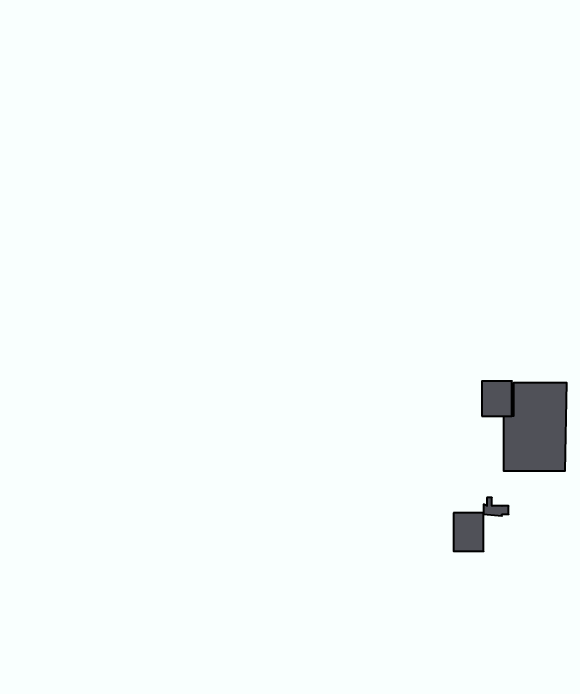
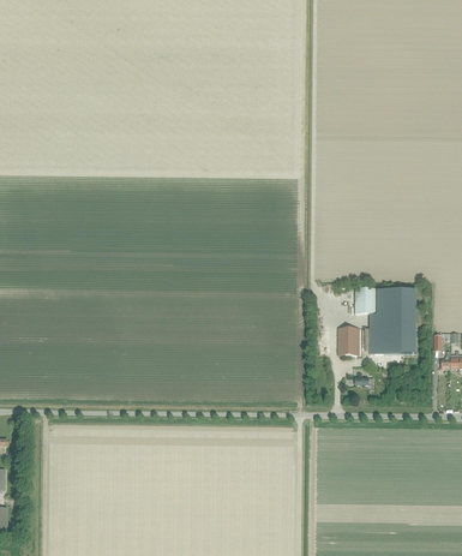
building: [454,513,484,551] -> [337,328,359,355]

